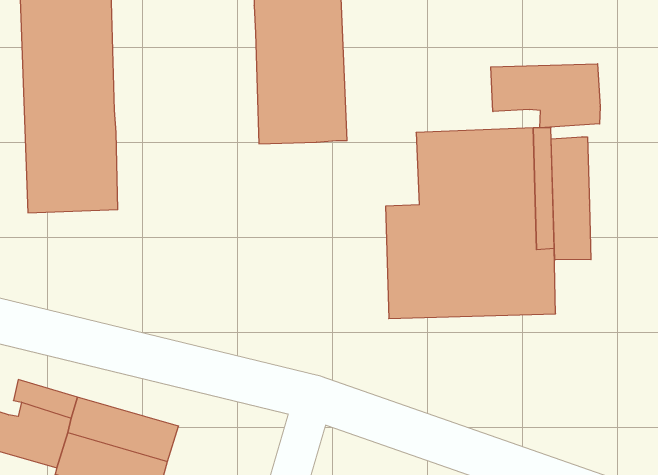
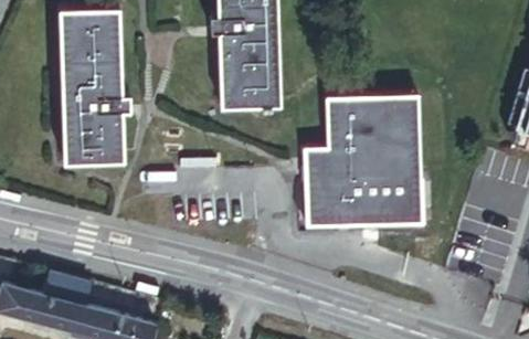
building: [491,64,600,128] -> none
building: [551,137,591,260] -> none

